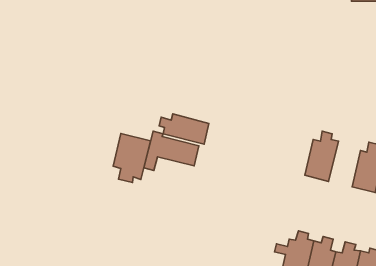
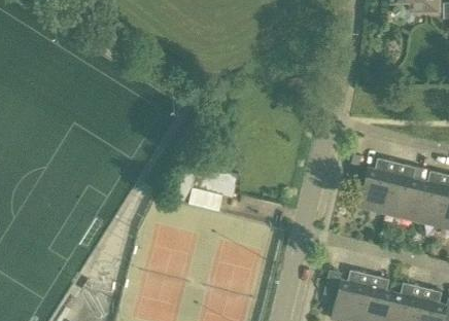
building: [159,114,209,144] -> none
building: [113,133,151,183] -> none
building: none -> [386,164,422,220]

